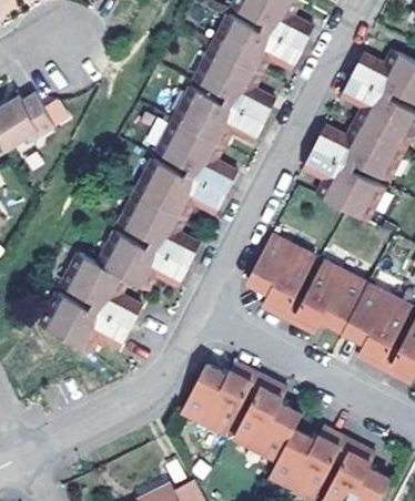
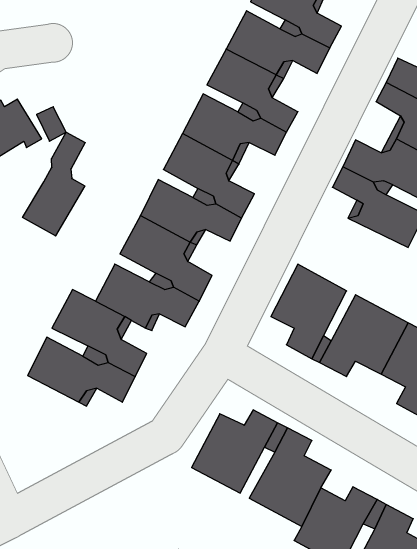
building: none -> [23,132,85,236]

